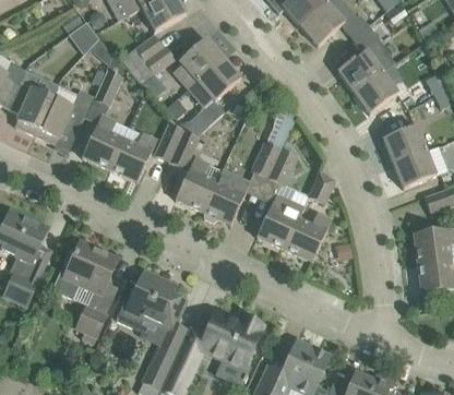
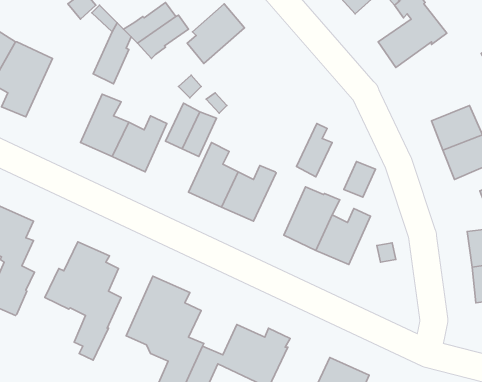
building: [188,58,240,107] -> none
building: [353,70,398,113] -> none
building: [35,84,85,144] -> none
building: [251,111,296,177] -> none

